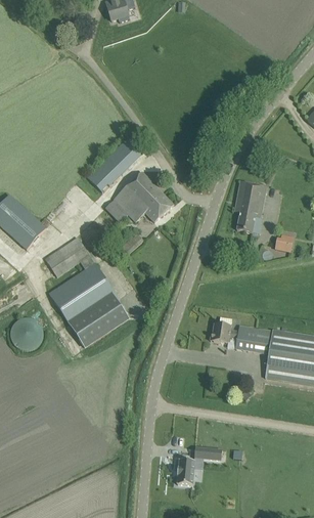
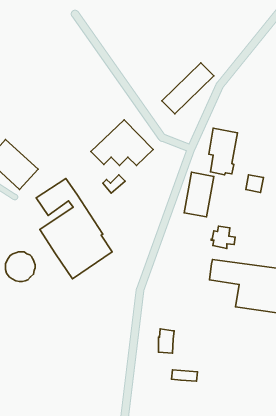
building: [87,135,144,191] -> [162,63,214,114]
building: none -> [184,172,214,217]
building: [211,318,237,343] -> [211,226,235,248]
building: [177,459,194,485] -> [158,329,174,353]

